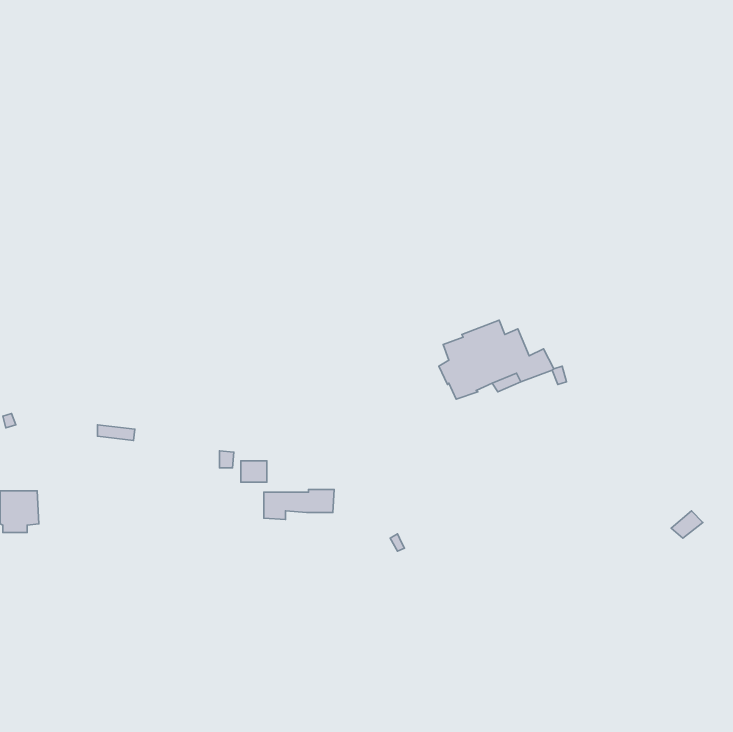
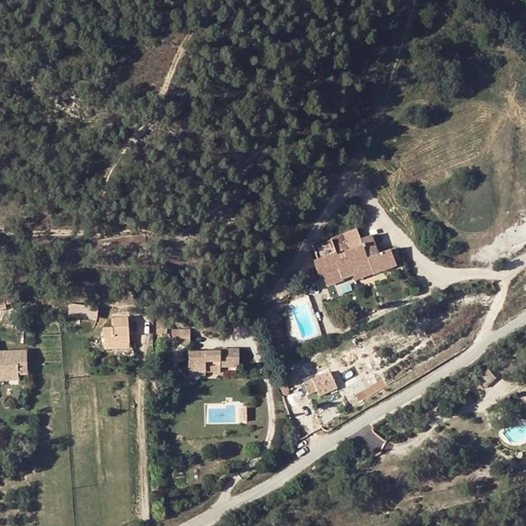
building: none -> [102,317,128,348]
building: none -> [303,372,337,396]

